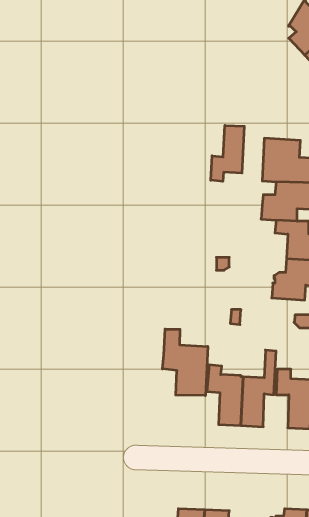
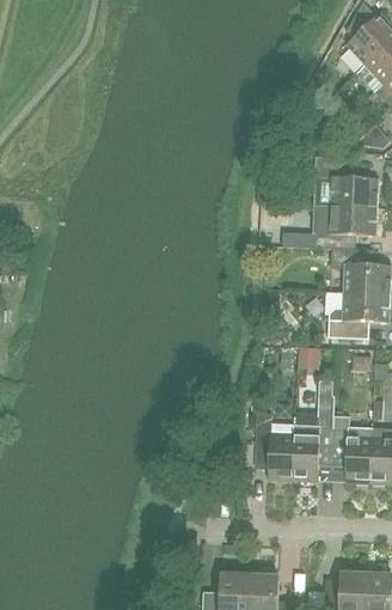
building: [211,125,244,181] -> none
building: [162,329,208,396] -> none

